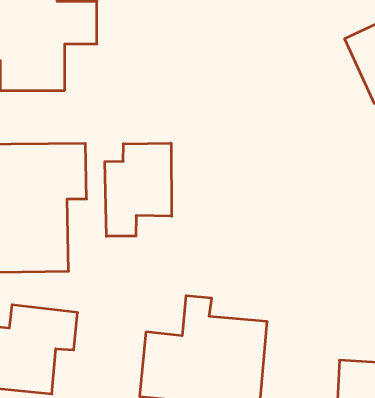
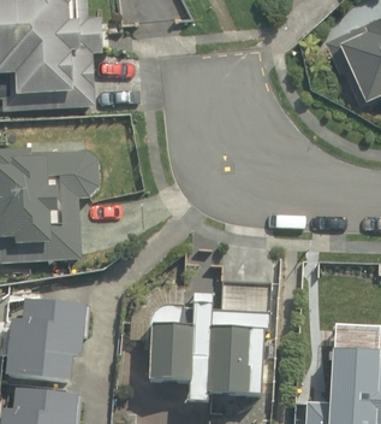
building: [105,143,172,236] -> none

